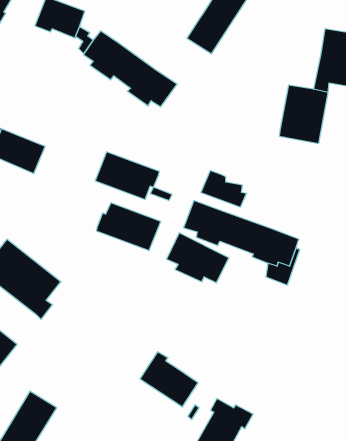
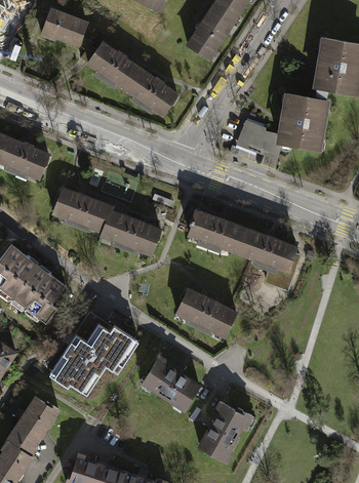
building: [95,152,160,200] -> [50,186,114,233]
building: [201,171,247,207] -> [239,122,284,158]
building: [167,233,229,283] -> [175,287,237,336]
building: none -> [48,324,138,395]

